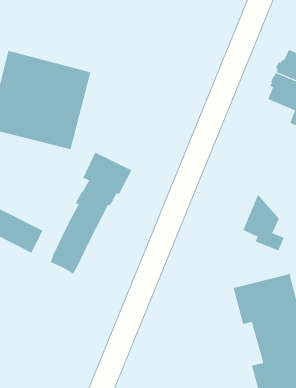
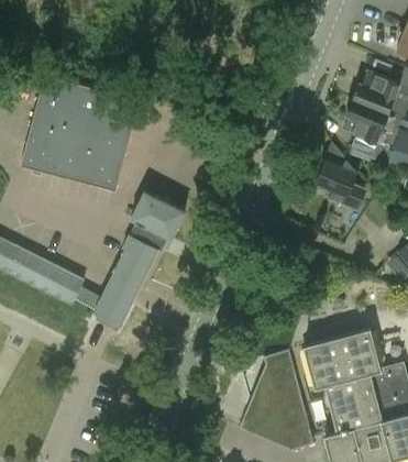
building: [242,194,284,251] -> [315,144,363,210]
building: none -> [239,351,313,451]

